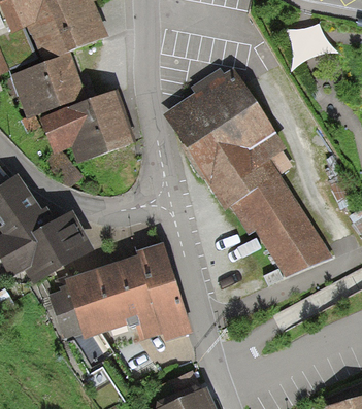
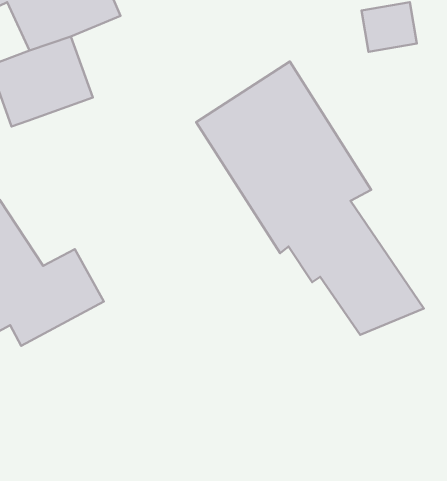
building: [38,88,135,164] -> none
building: [46,241,193,342] -> none

